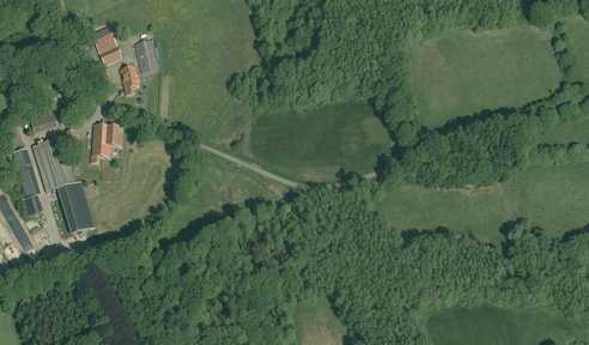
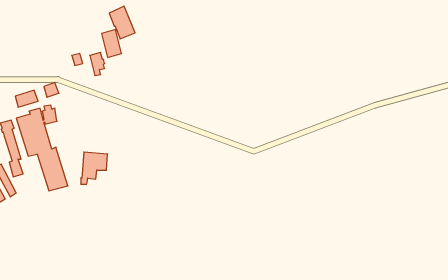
building: [91,26,122,66] -> [109,6,135,39]
building: [91,125,123,163] -> [81,152,108,184]

